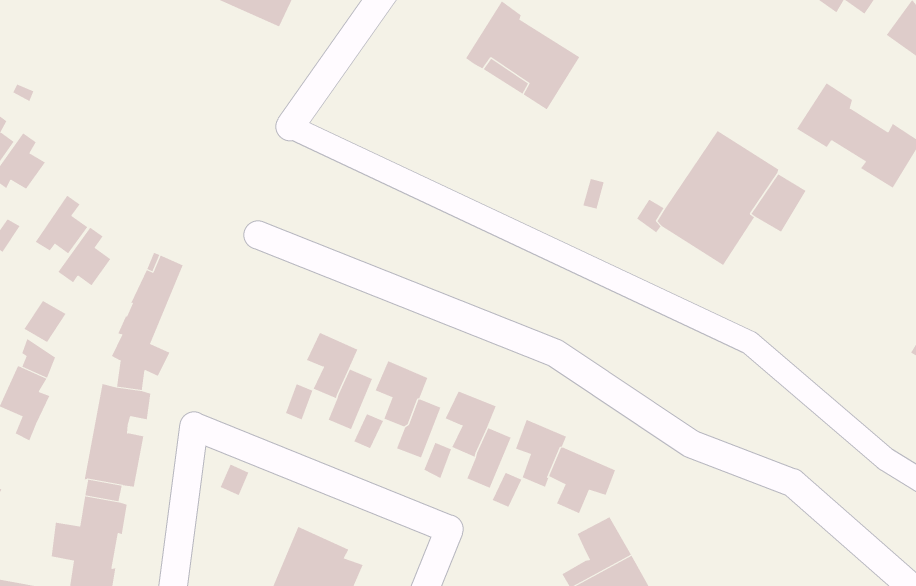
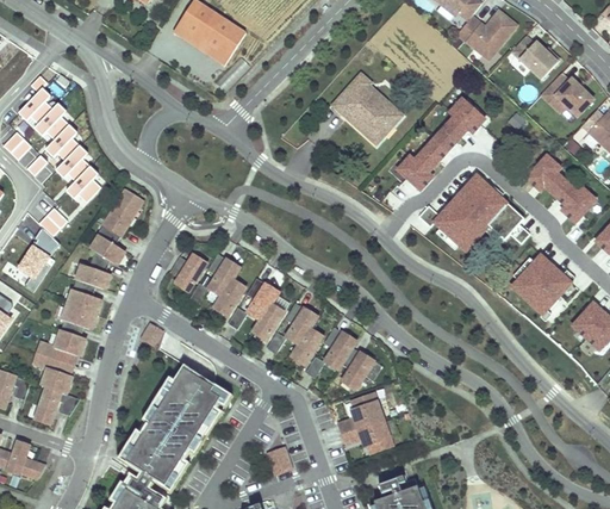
building: none -> [394,94,485,191]
building: none -> [44,126,79,161]
building: none -> [509,252,573,317]
building: none -> [169,254,206,291]

